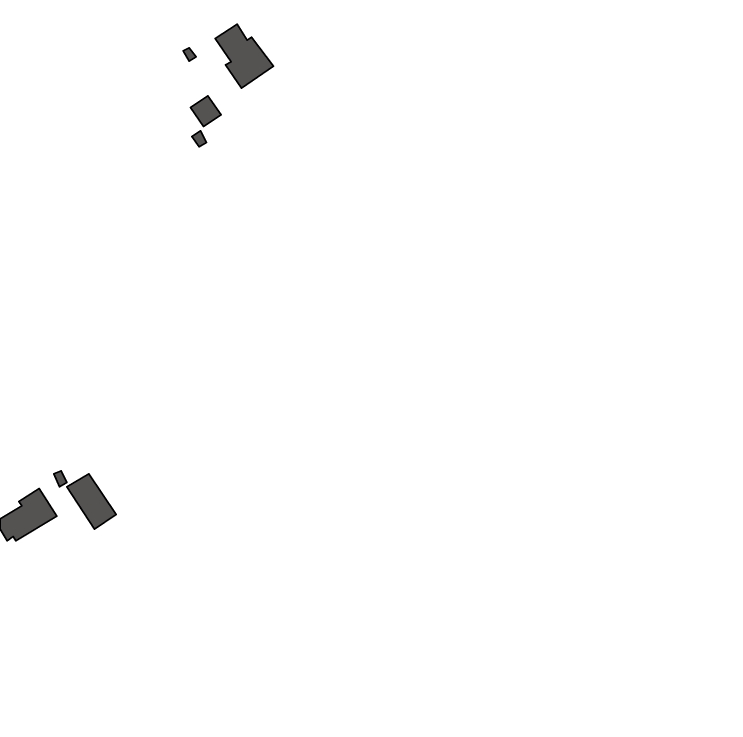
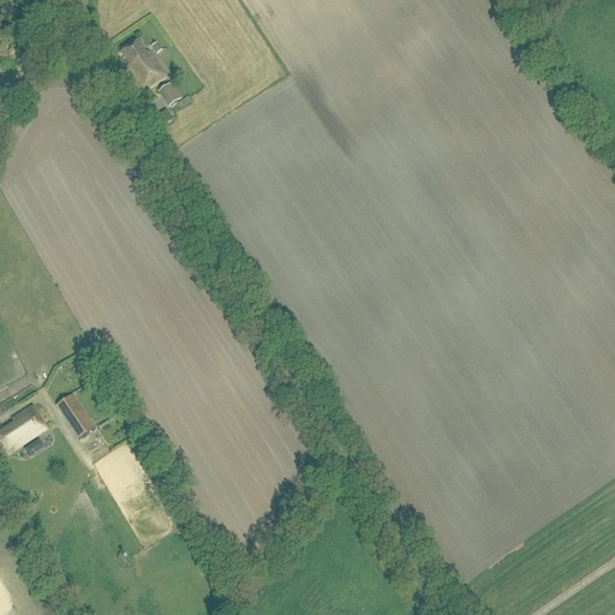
building: [215,24,273,88] -> [120,37,168,90]

